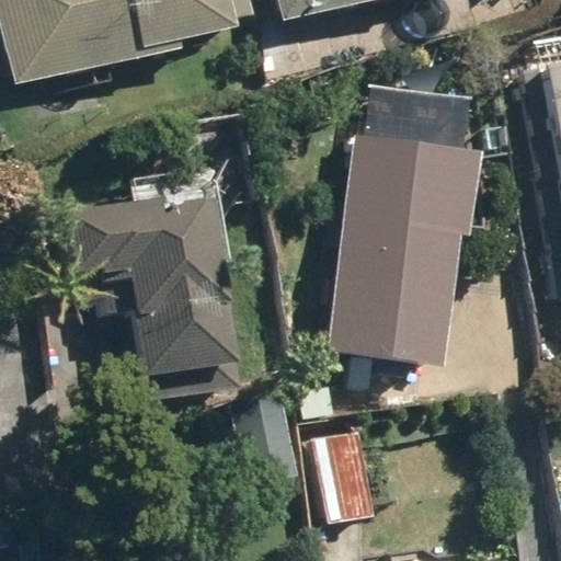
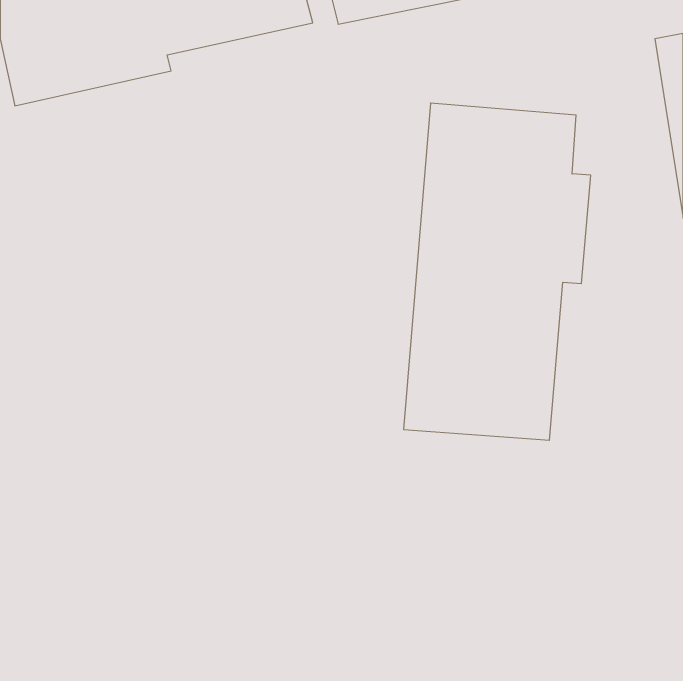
building: [68,192,244,379] -> none

